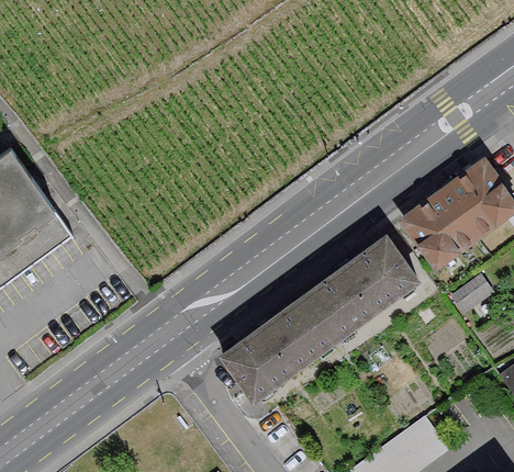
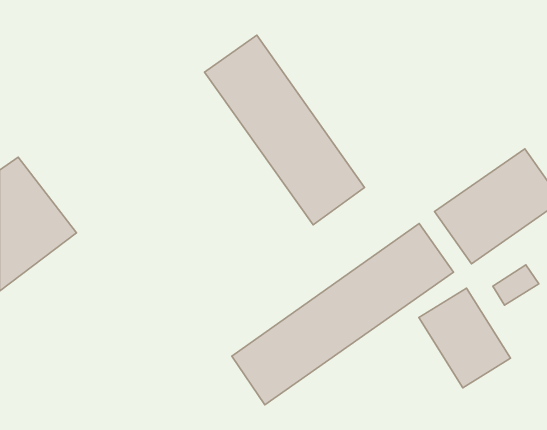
building: none -> [205,35,364,225]
building: none -> [419,288,510,388]

